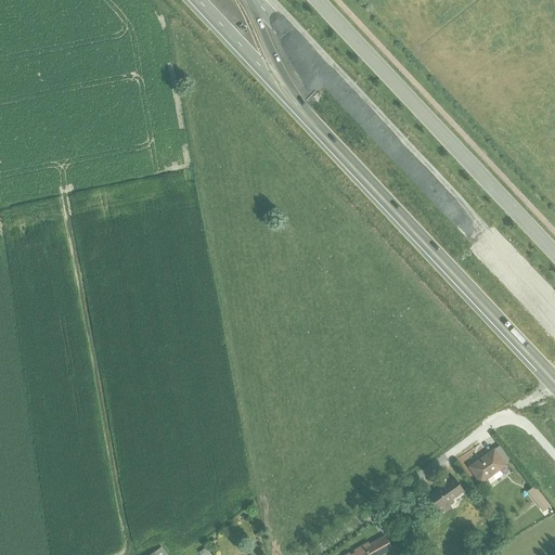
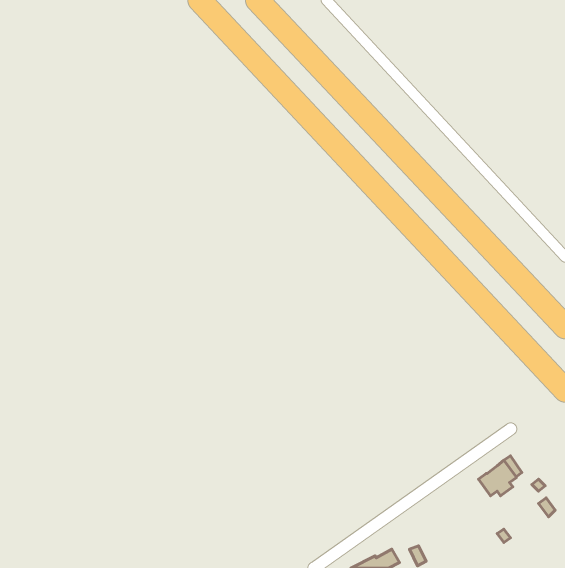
building: [426,477,463,514] -> none

